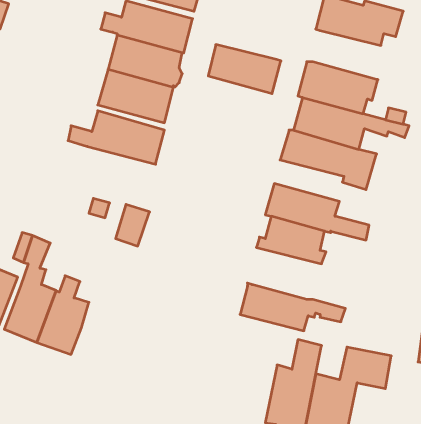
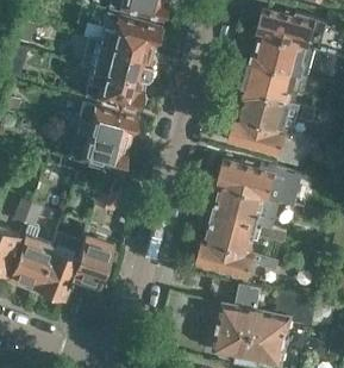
building: [208,45,281,94] -> [254,37,312,76]
building: none -> [64,130,127,174]
building: none -> [205,211,287,252]
building: none -> [68,226,110,285]

